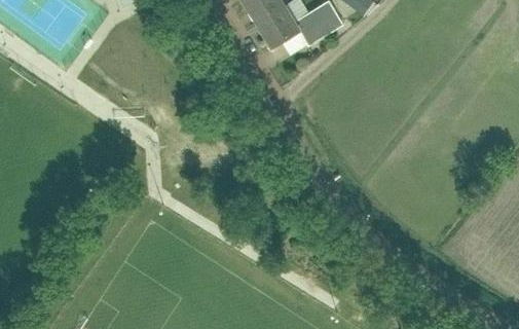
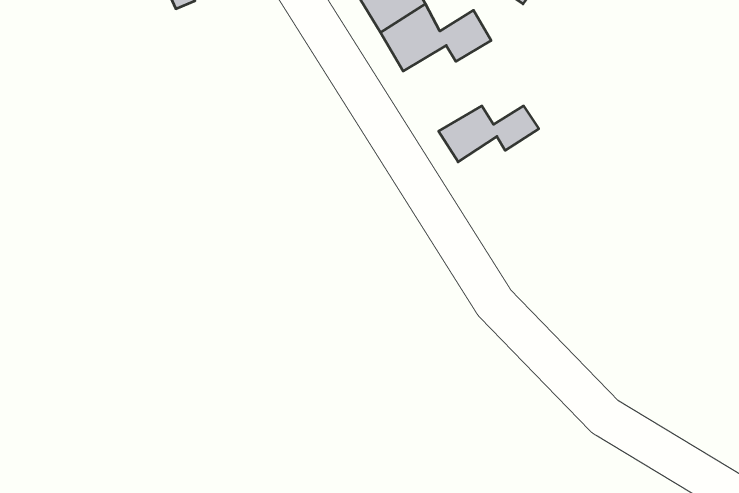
building: none -> [439,106,539,162]

